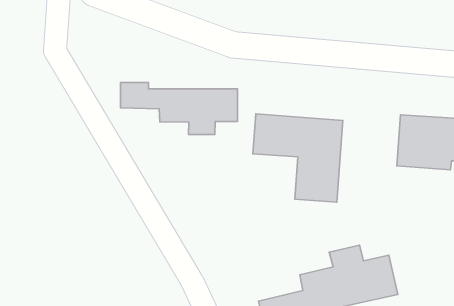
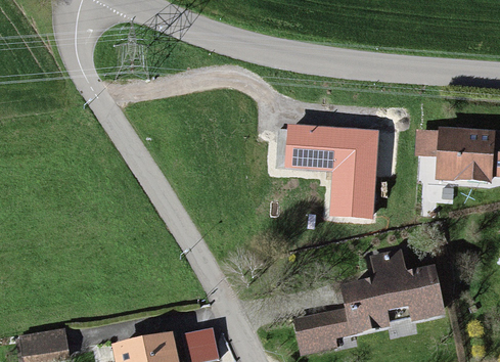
building: [120,82,237,135] -> none

